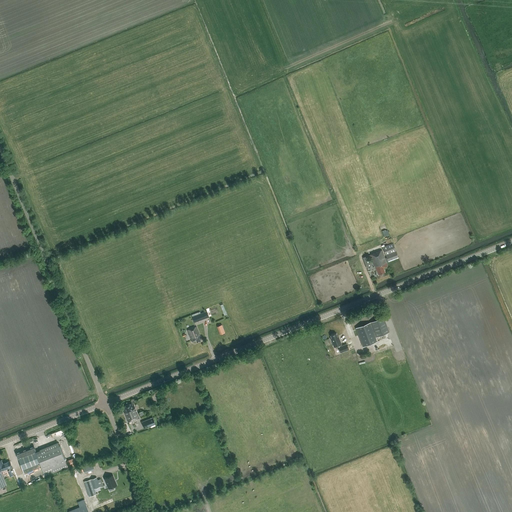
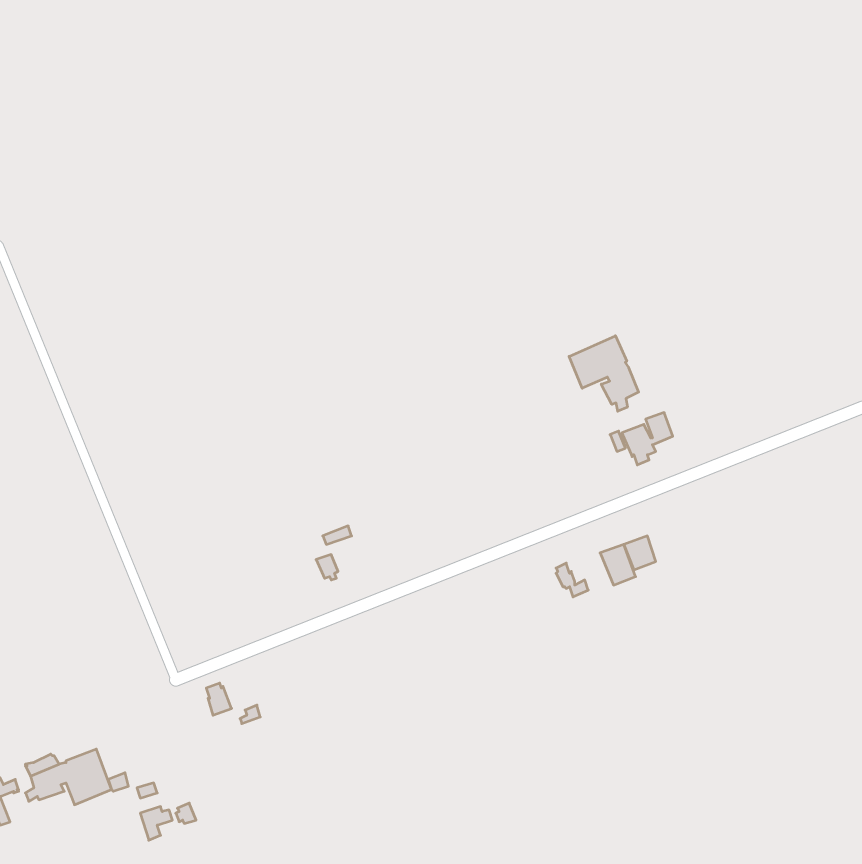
building: none -> [569,336,639,411]

